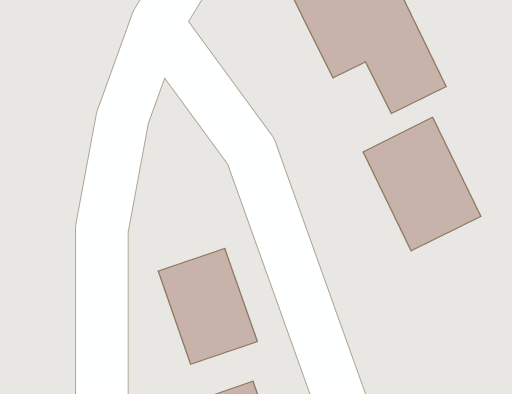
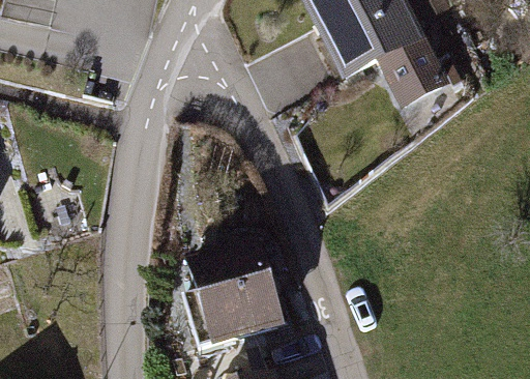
building: [363,117,481,251] -> none

